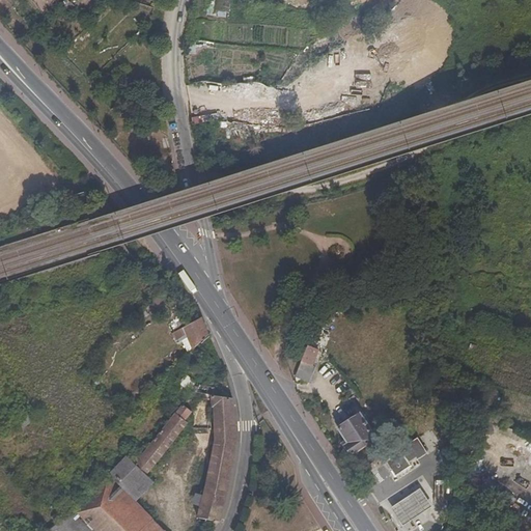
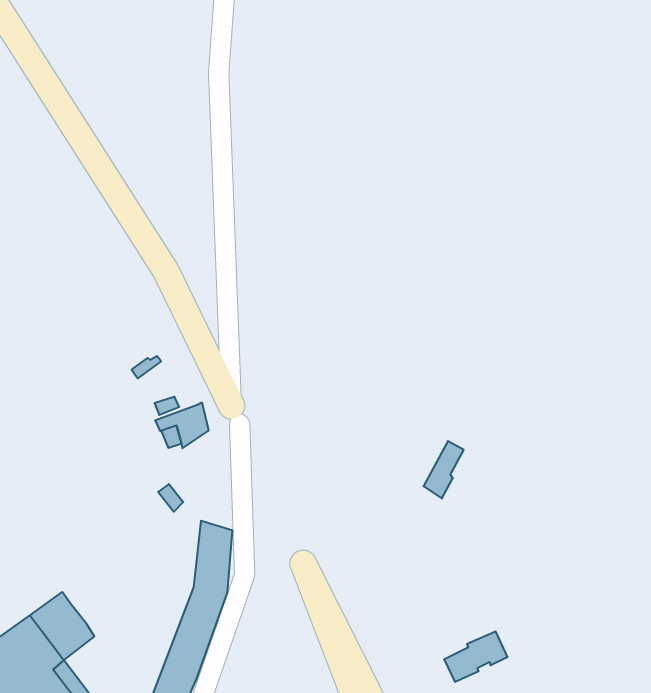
building: [296,344,318,383] -> [423,441,464,499]
building: [135,403,193,475] -> none
building: [338,414,376,455] -> none

